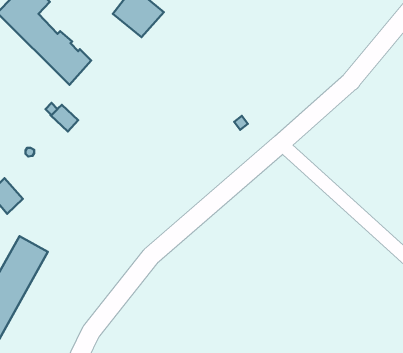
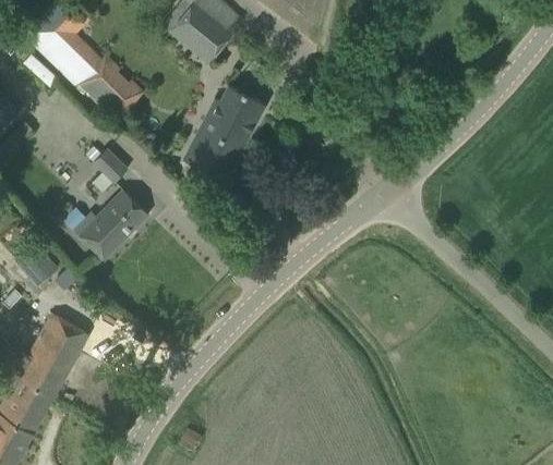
building: none -> [182,84,265,181]
building: none -> [73,188,148,259]

